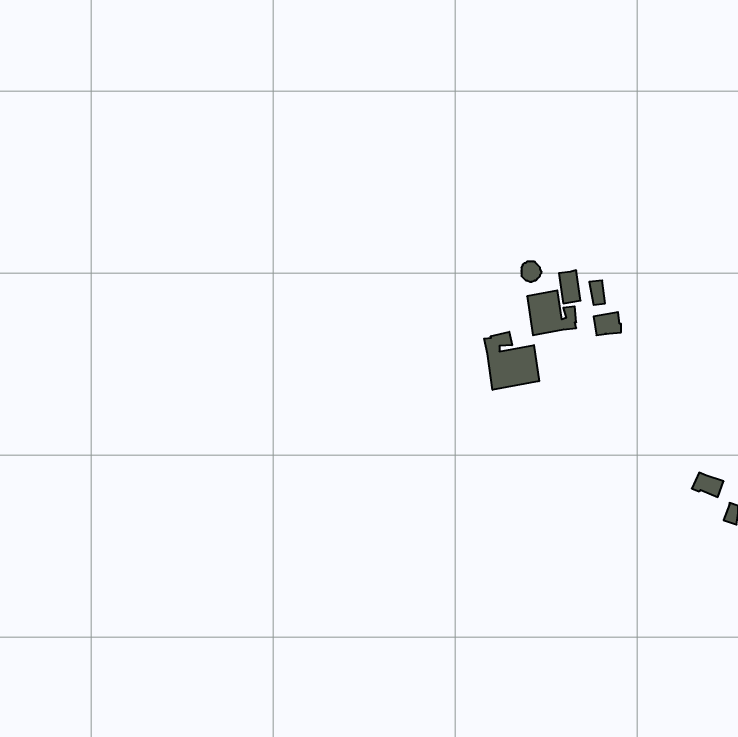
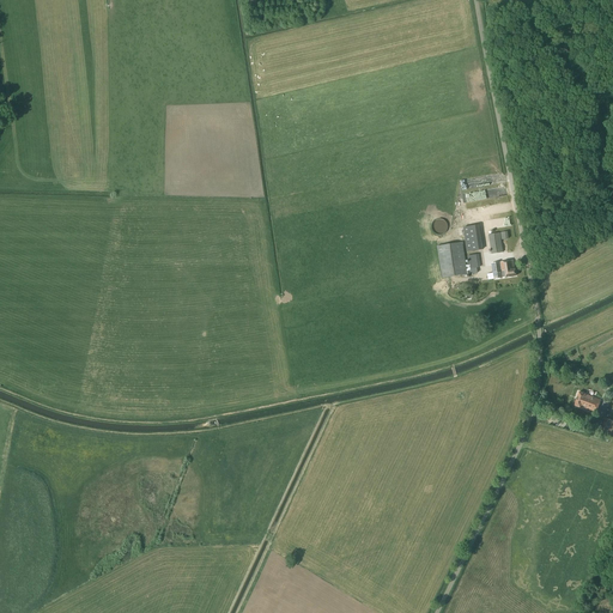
building: [484,332,539,390] -> none

